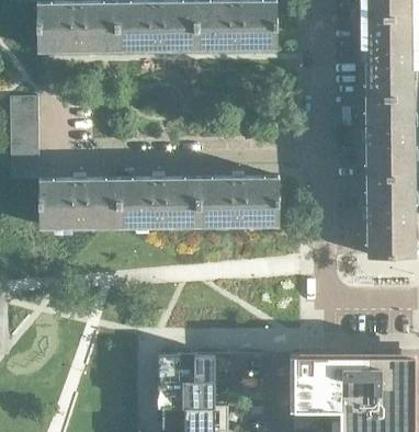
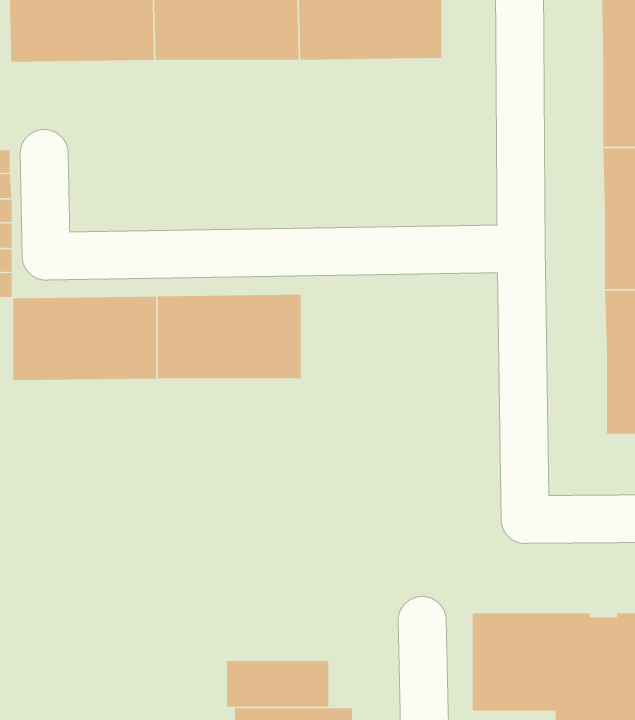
building: [199,179,279,227] -> none
building: [157,356,214,383] -> none

